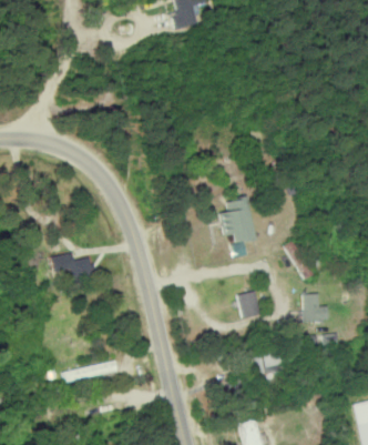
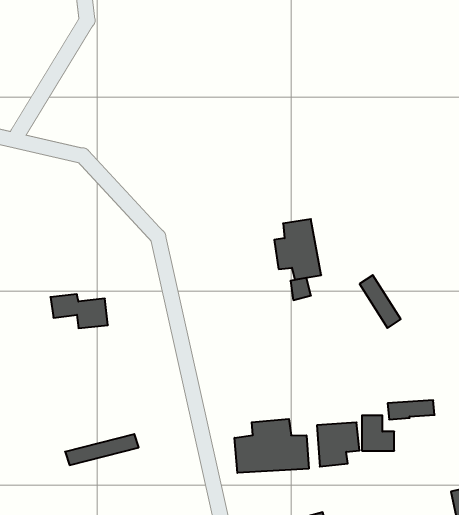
building: [237,290,262,318] -> none
building: [305,294,329,321] -> [362,415,394,451]
building: none -> [235,419,309,473]

